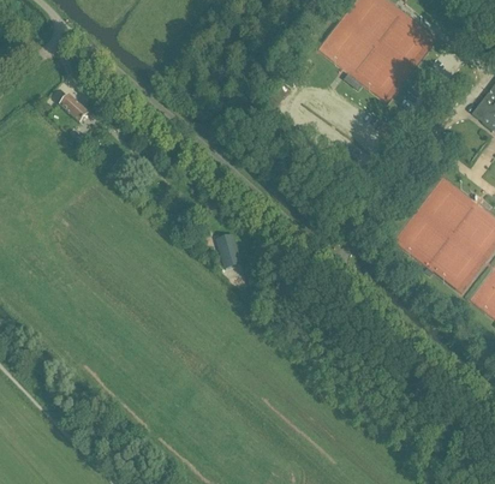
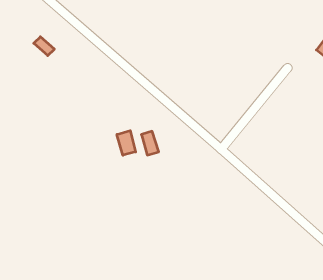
building: none -> [117,131,136,155]

